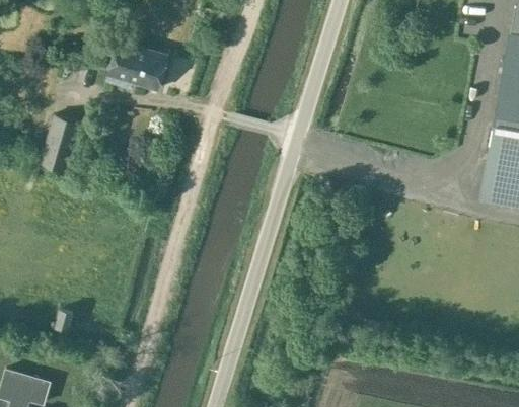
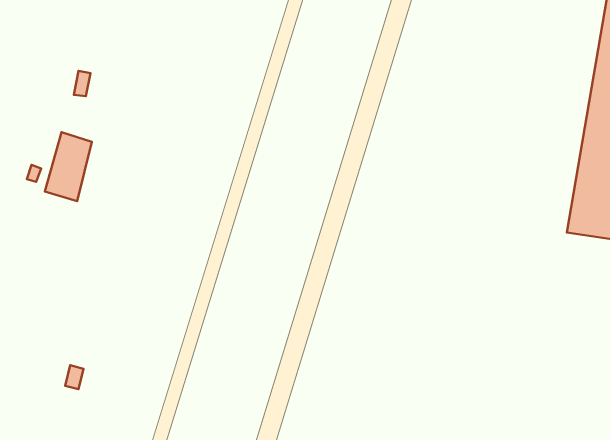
building: [107,38,171,91] -> none

